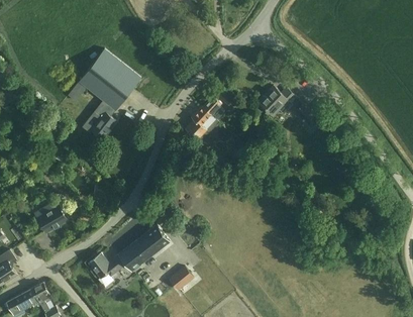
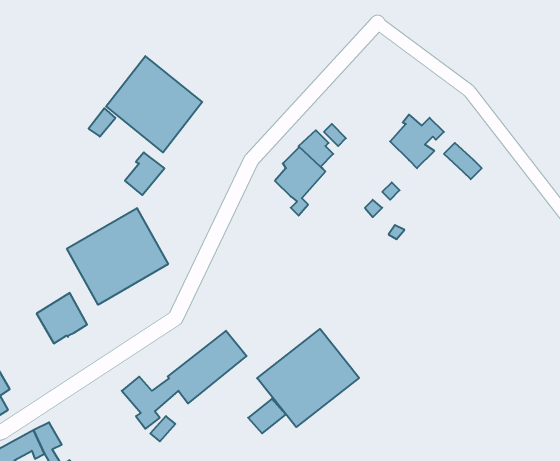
building: none -> [67,208,168,305]
building: none -> [257,329,359,427]

